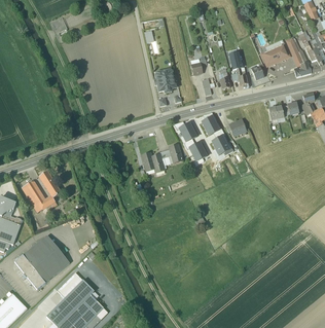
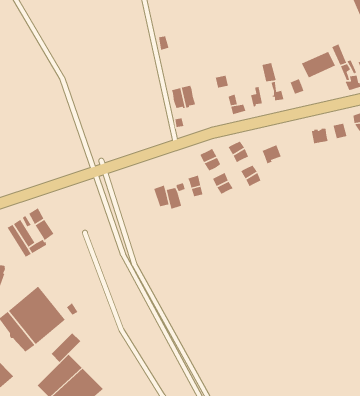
building: [72,280,108,319] -> none

